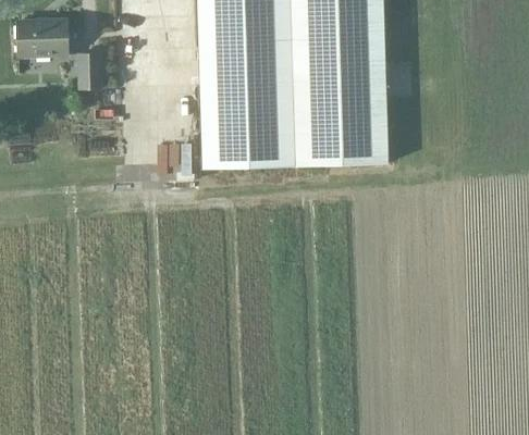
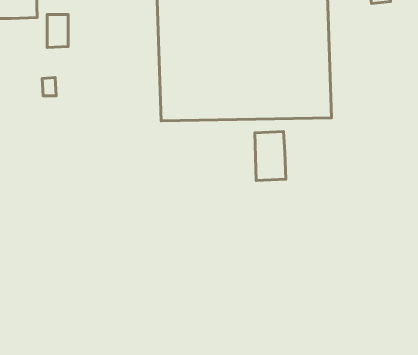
building: none -> [255,132,286,181]

